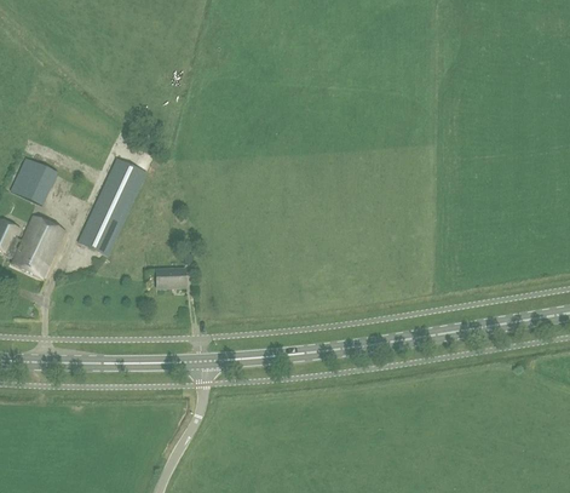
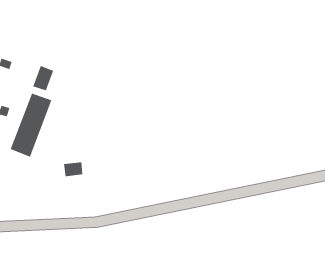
building: none -> [32,65,54,91]

